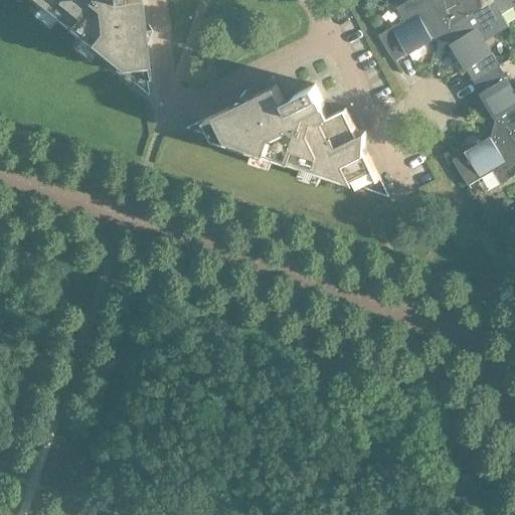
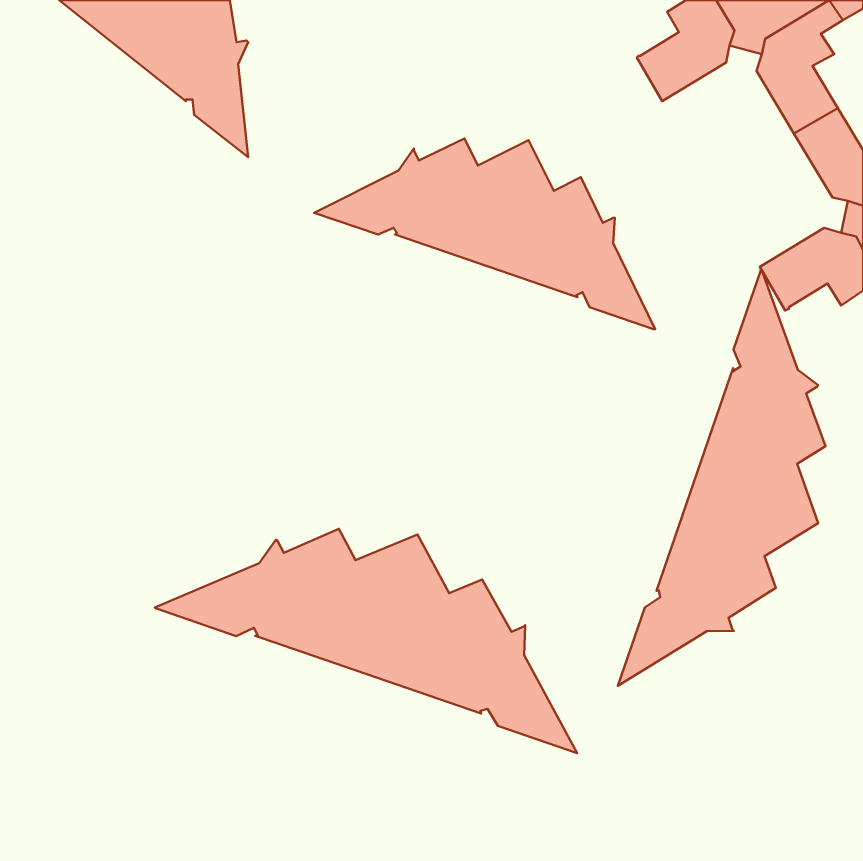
building: none -> [618,270,826,686]
building: none -> [155,529,577,753]

